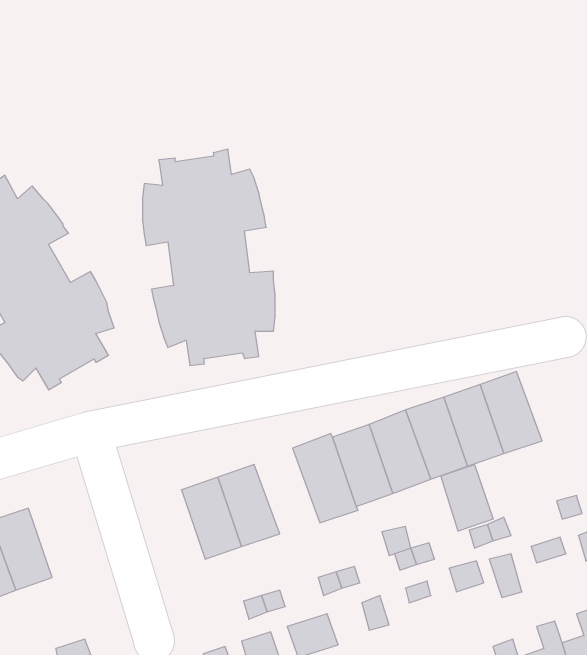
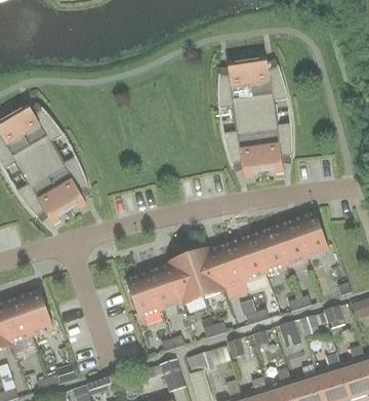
building: [142,149,275,366] -> [217,54,292,176]
building: none -> [167,255,204,306]
building: [441,464,493,531] -> none

